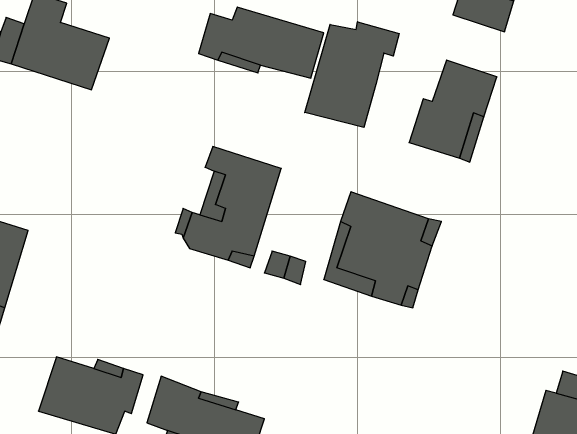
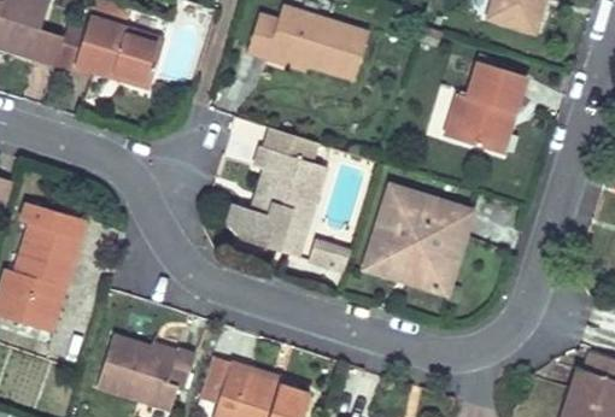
building: [305,22,399,127] -> none

